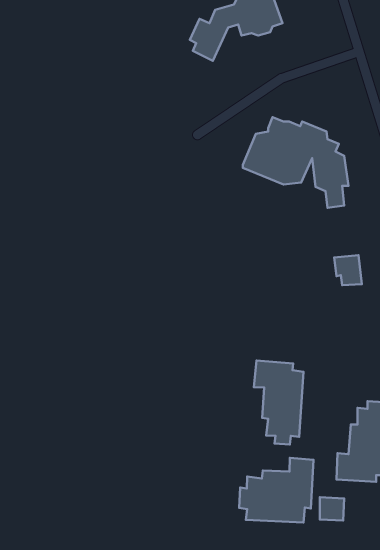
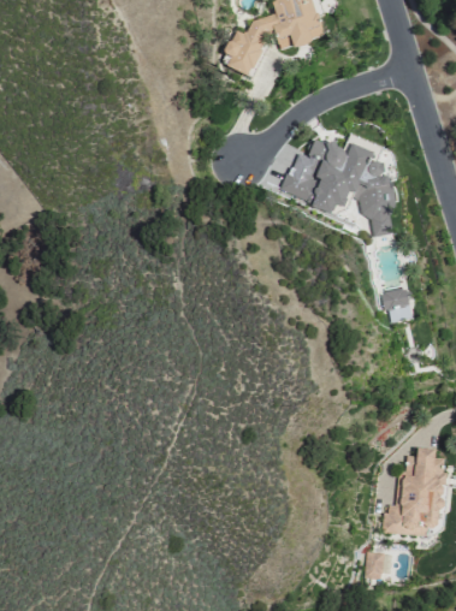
building: [254,360,304,445] -> none
building: [239,458,313,522] -> none

